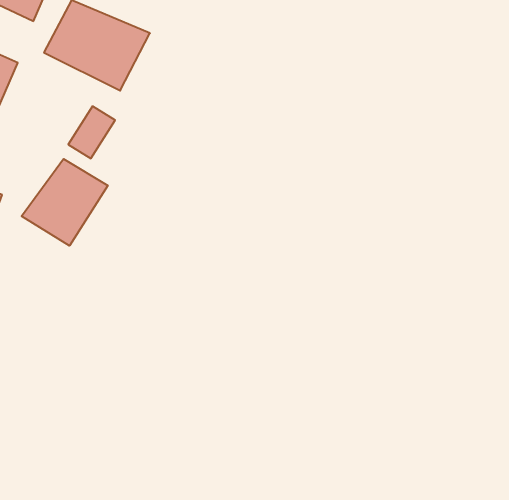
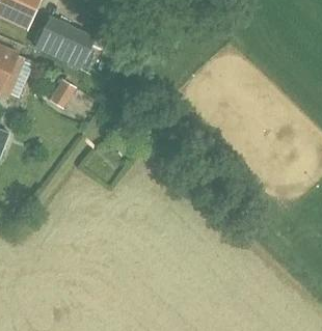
building: [22,159,108,246] -> none

